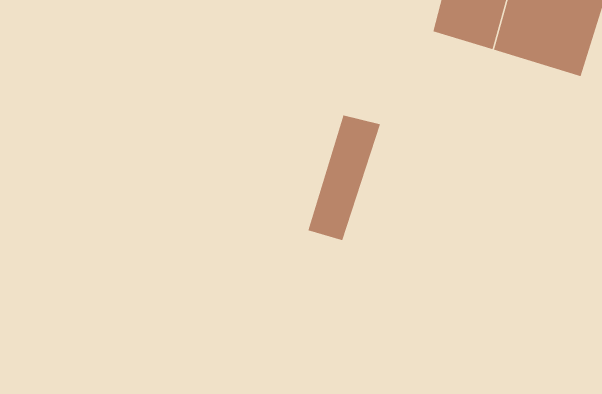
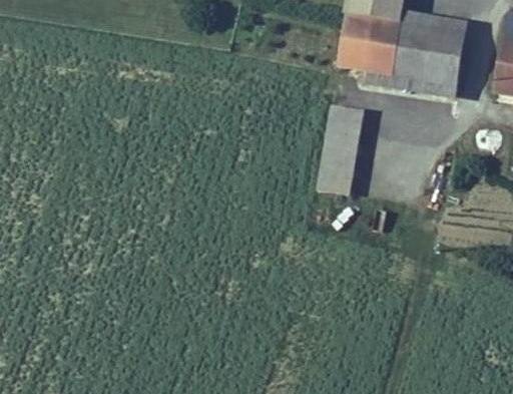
building: [308,115,381,241] -> [318,103,365,201]

